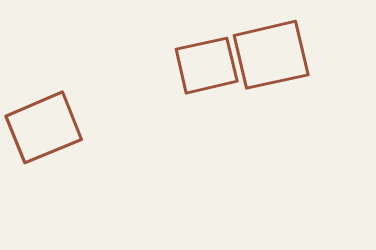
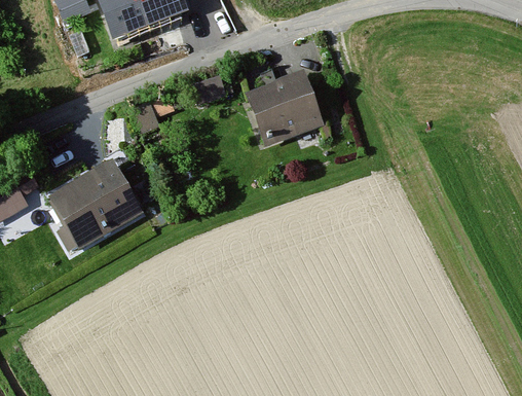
building: [234,21,308,88] -> none

